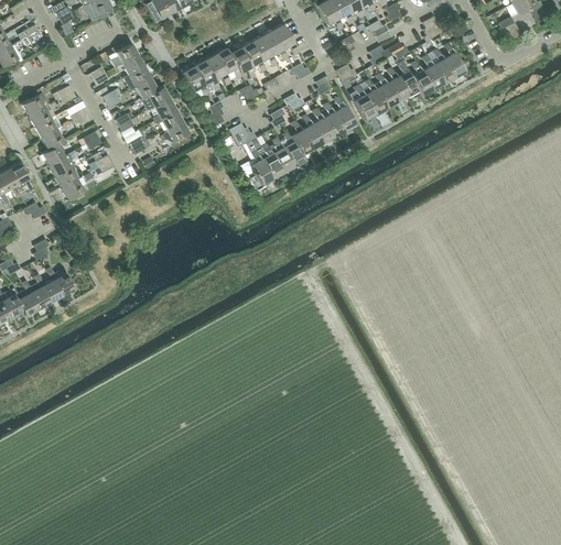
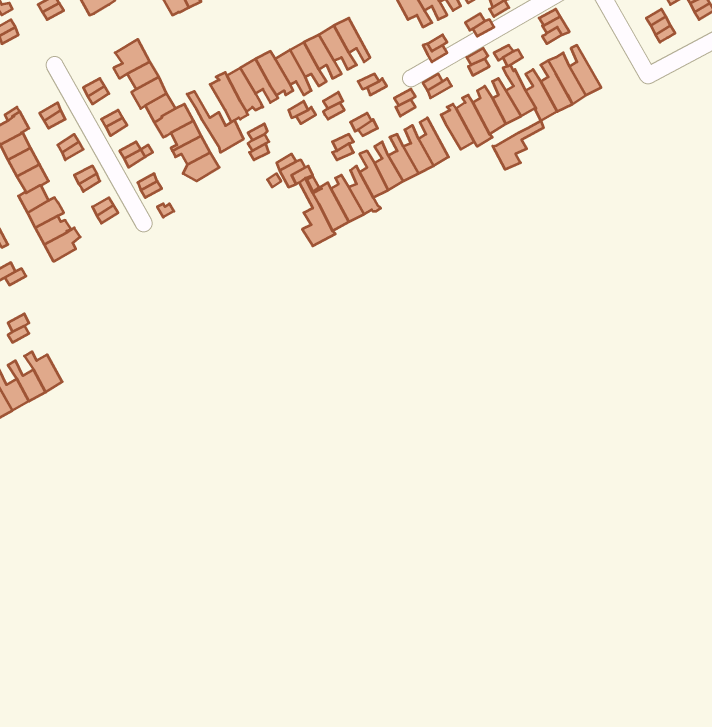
building: none -> [187,91,243,152]
building: none -> [493,121,543,169]

